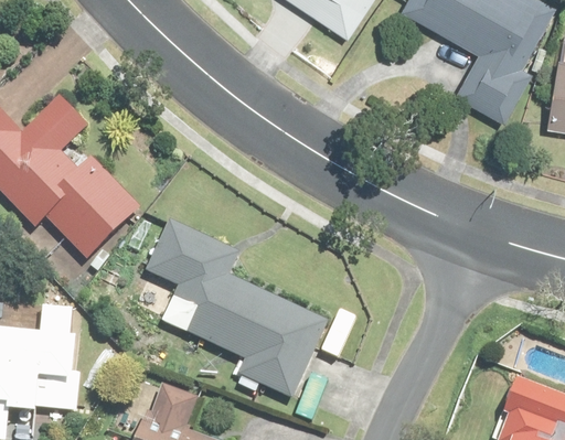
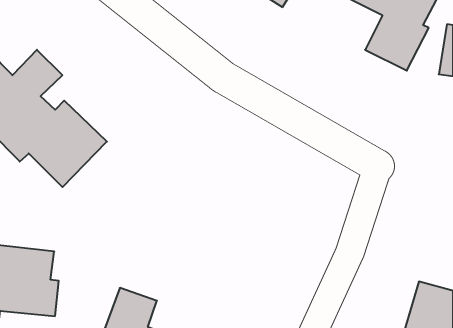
building: [140,210,331,398] -> none

